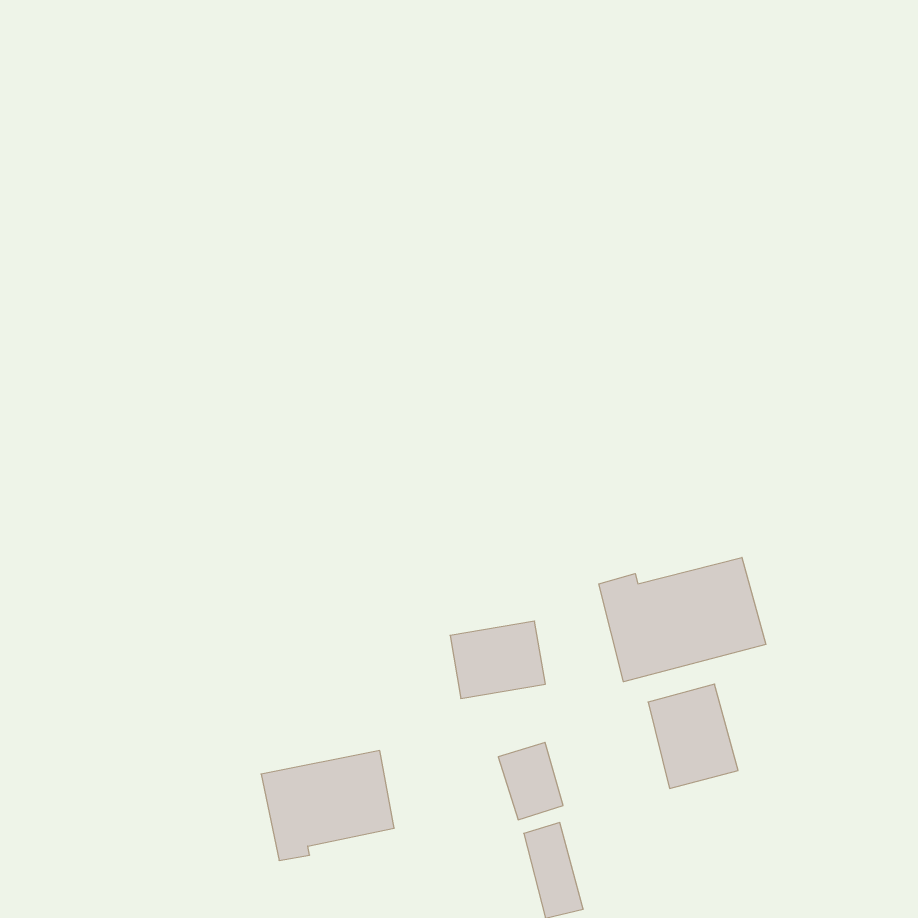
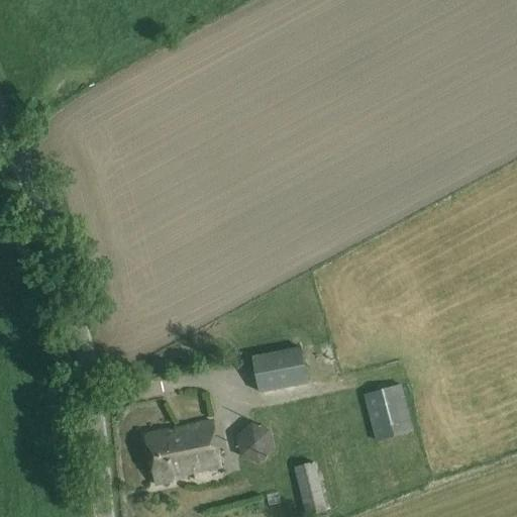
building: [599,557,766,682] -> none
building: [498,742,563,820] -> [232,417,269,460]

